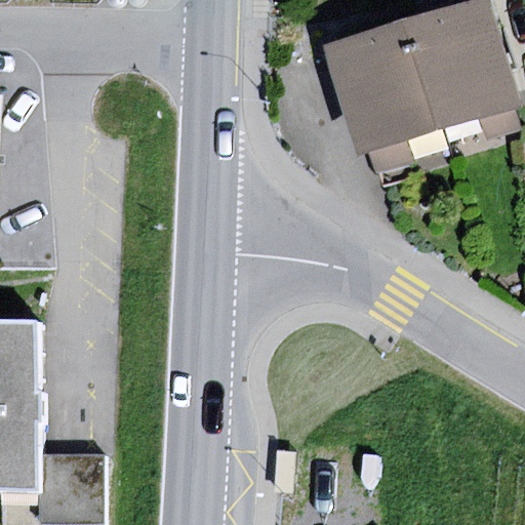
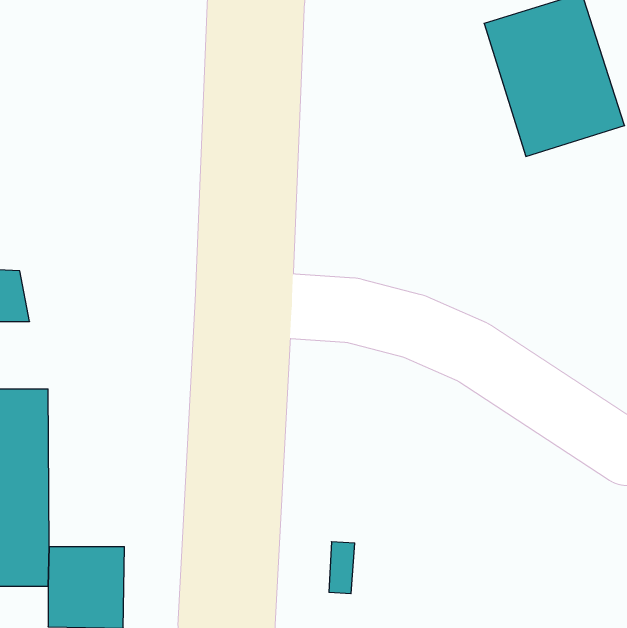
building: [322,19,438,156] -> none

